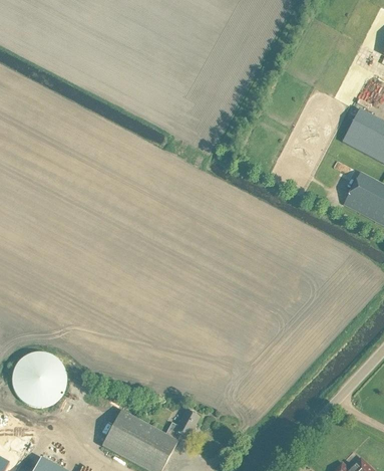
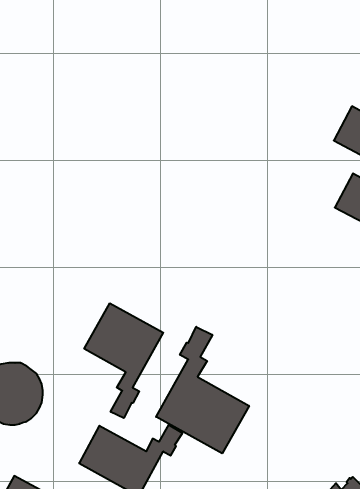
building: none -> [84,303,163,418]
building: none -> [156,327,249,453]

